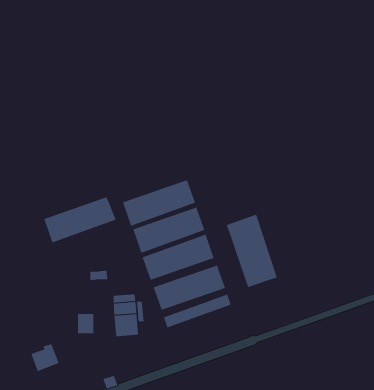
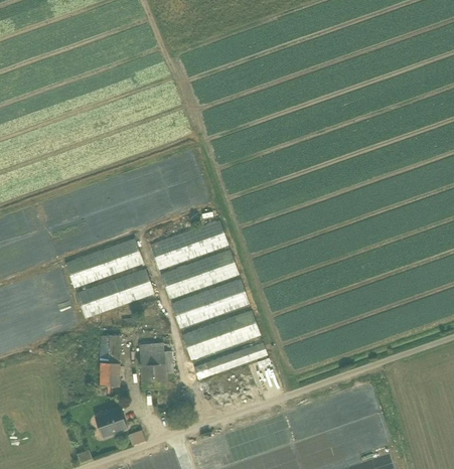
building: [226,214,278,288] -> none
building: none -> [75,269,154,319]
building: none -> [101,335,119,363]
building: [30,344,59,372] -> [95,407,126,437]

